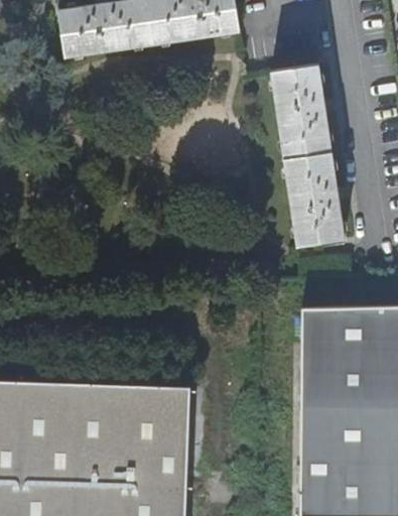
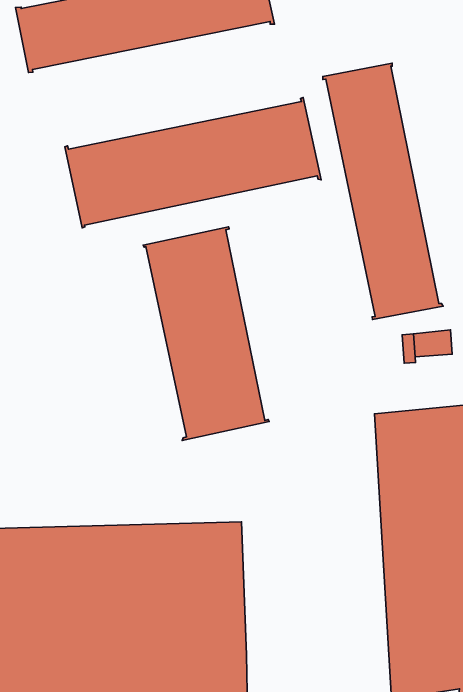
building: none -> [65,97,321,228]
building: none -> [143,227,269,440]

